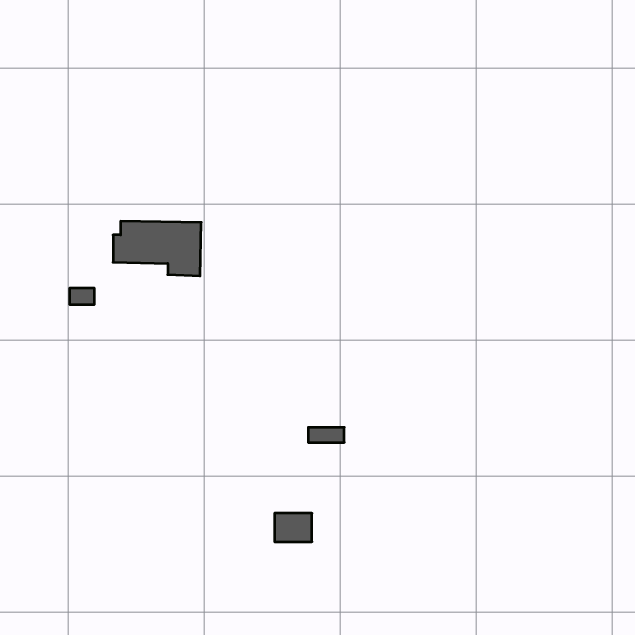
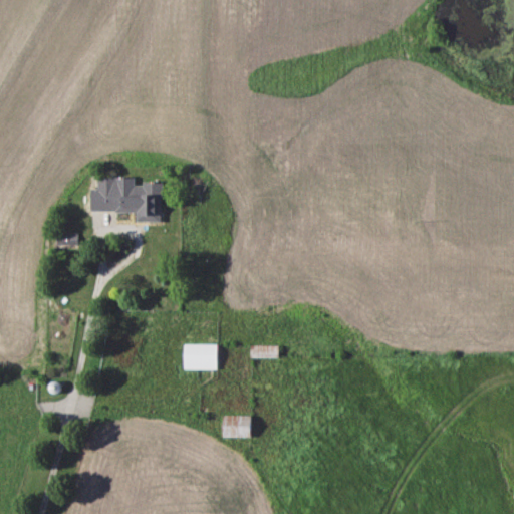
building: none -> [182,344,218,370]

